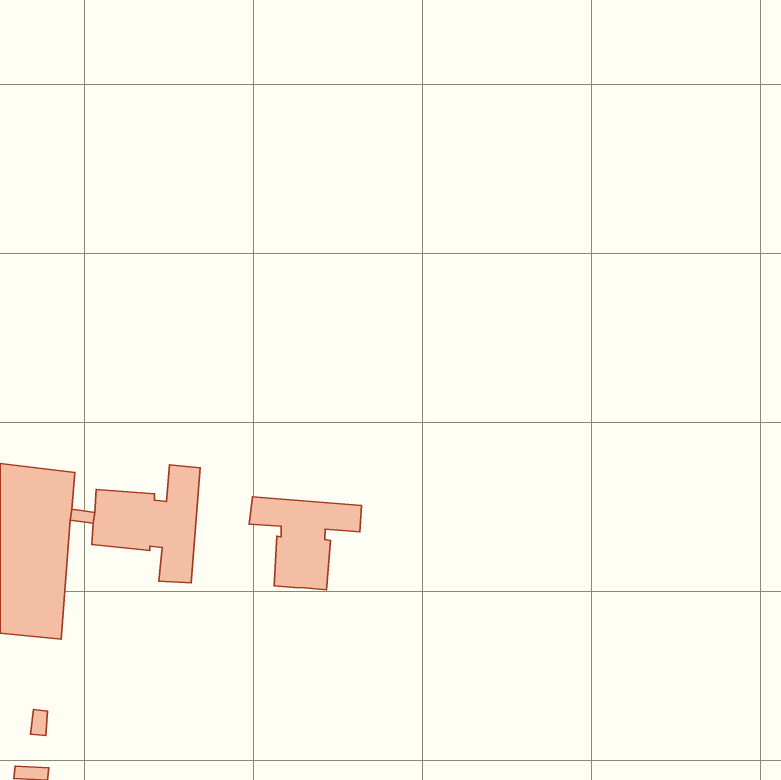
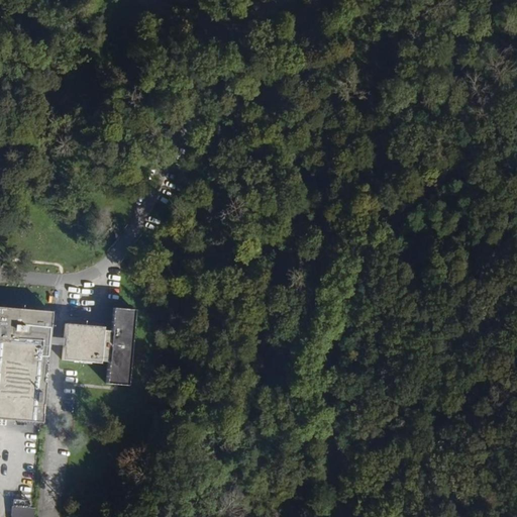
building: [249,497,361,590] -> none

